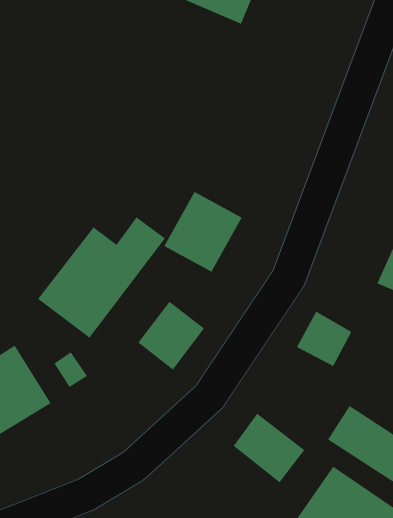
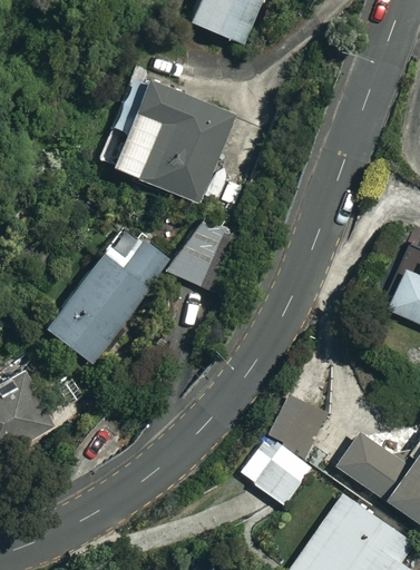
building: none -> [101,71,235,205]
building: [138,301,205,370] -> none
building: [296,311,352,367] -> [273,397,330,454]

